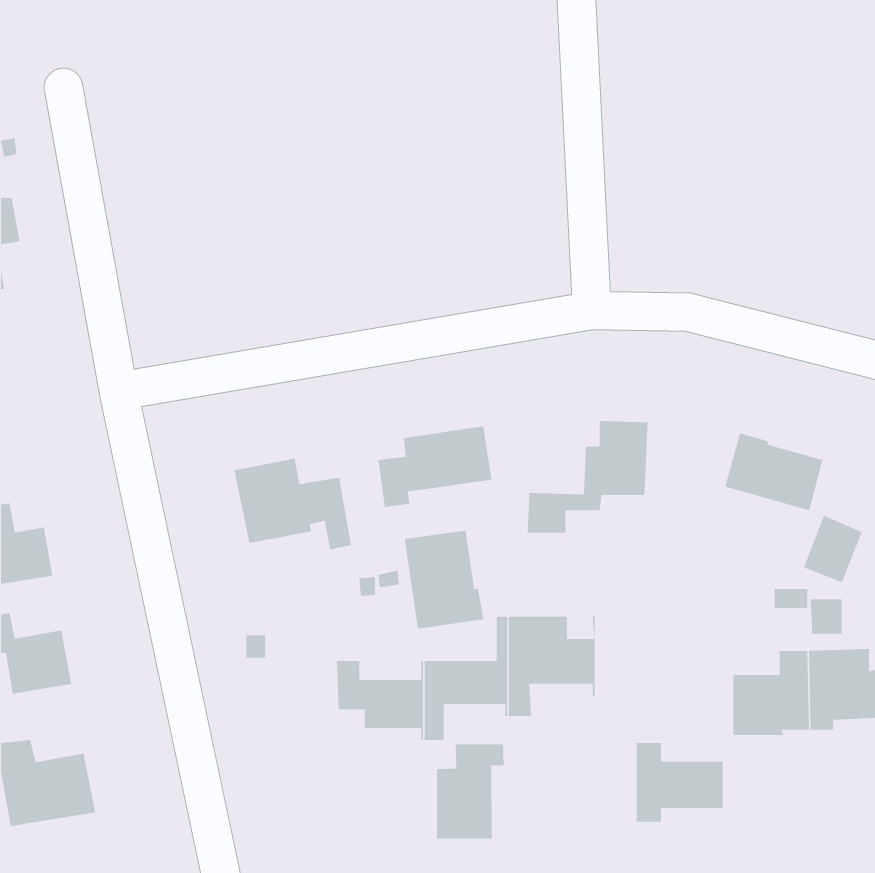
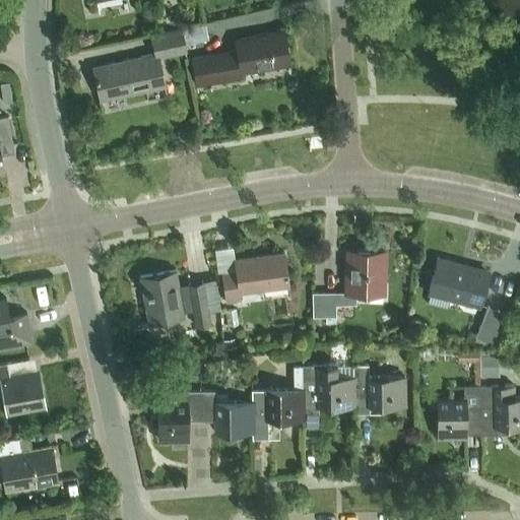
building: none -> [94,29,188,105]
building: none -> [193,34,291,87]
building: [404,530,484,630] -> none
building: none -> [159,393,201,441]
building: [636,742,723,823] -> [353,367,405,414]
building: [436,744,504,839] -> none

